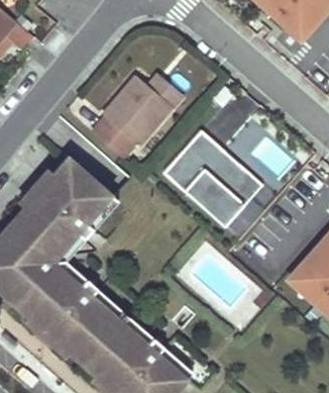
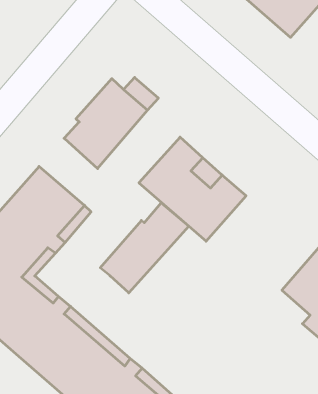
building: none -> [100,203,189,293]

